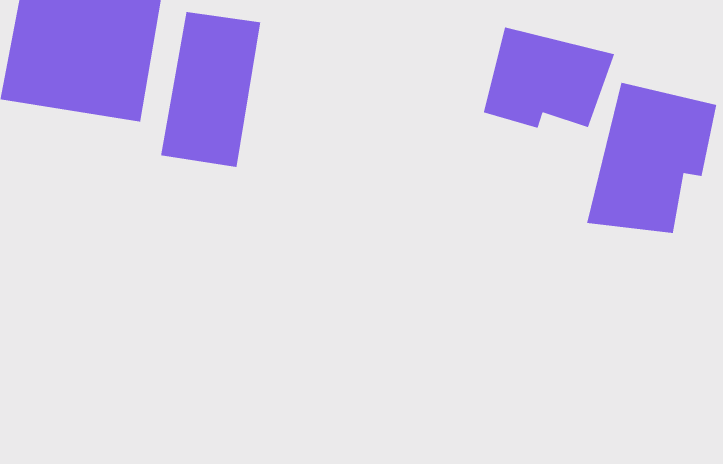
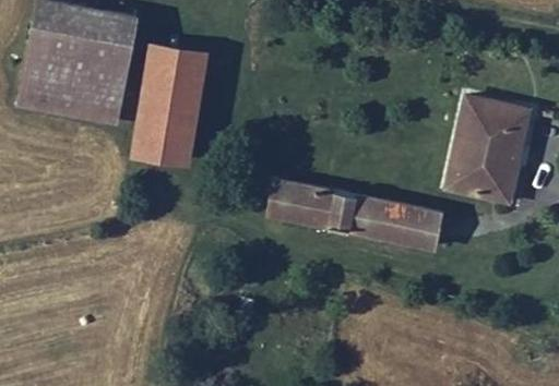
building: [483,27,615,129] -> none
building: none -> [267,180,441,248]

